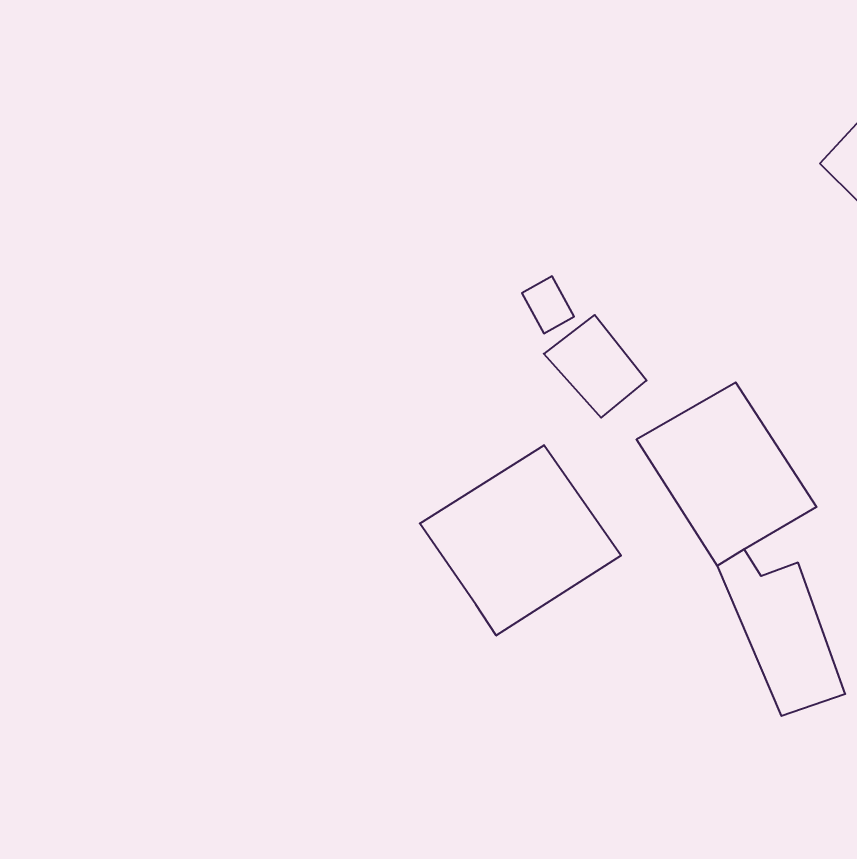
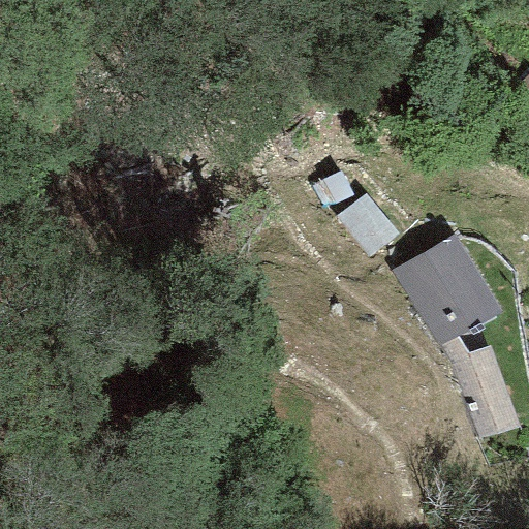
building: [420,445,621,636] -> none

